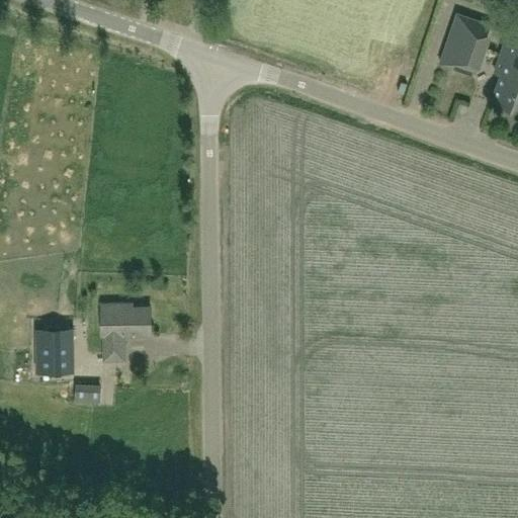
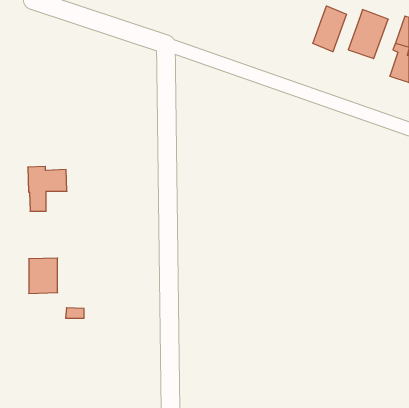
building: none -> [313,6,347,52]
building: [101,304,151,360] -> [28,166,67,211]

